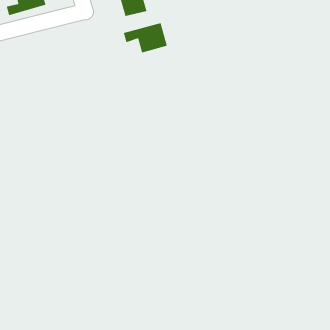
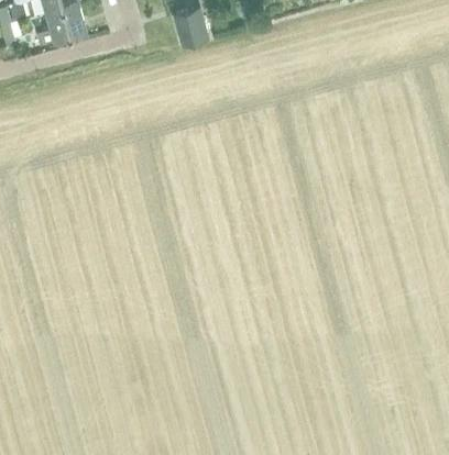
building: [123,22,168,54] -> none

